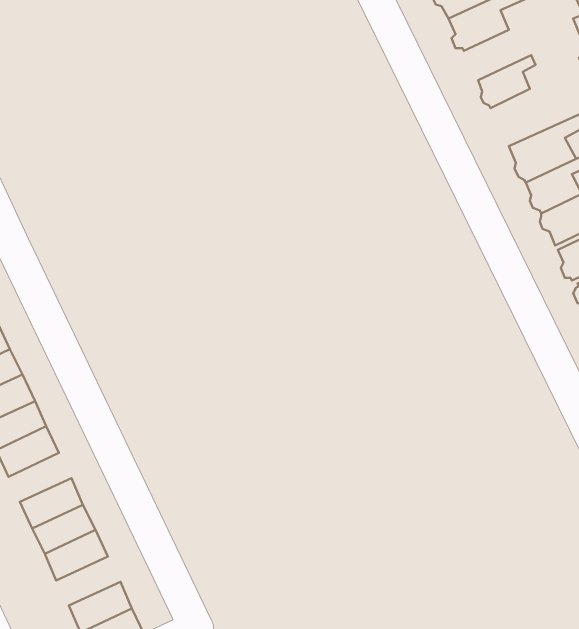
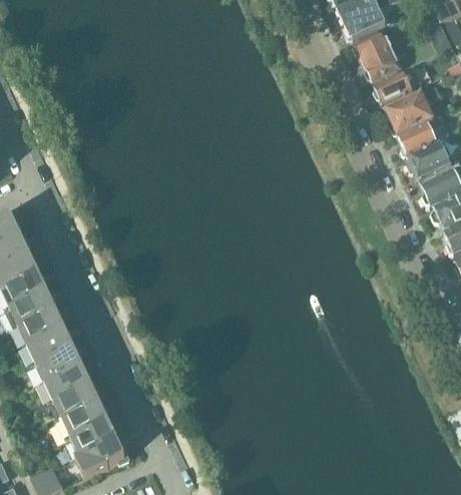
building: none -> [353,28,401,59]
building: none -> [373,68,422,103]
building: none -> [27,326,72,361]
building: none -> [61,400,107,435]

